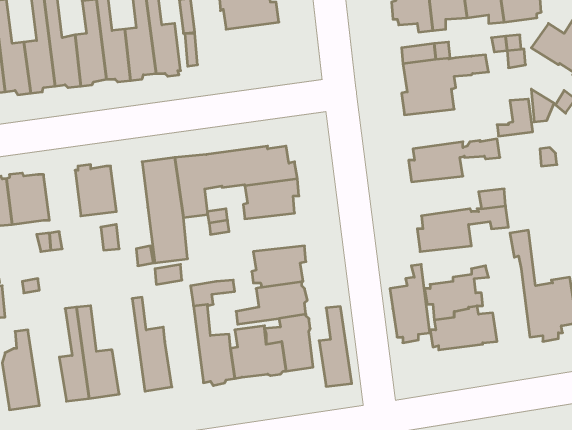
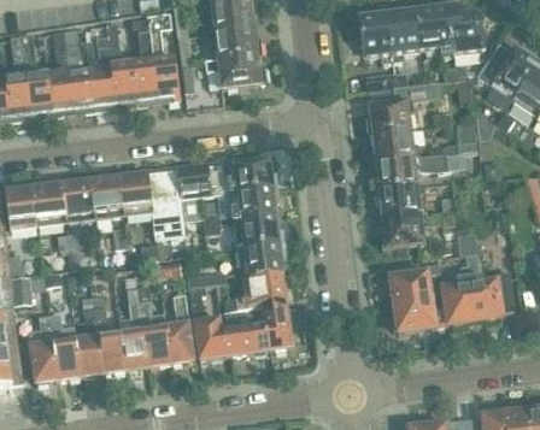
building: none -> [209,53,265,87]
building: none -> [369,126,418,160]
building: none -> [121,170,152,213]
building: none -> [64,176,95,220]
building: none -> [375,183,424,217]
building: none -> [234,214,284,247]
building: [390,264,430,343] -> [441,261,475,328]
building: none -> [118,277,149,367]
building: [319,307,352,386] -> [166,294,194,361]
building: none -> [51,312,83,377]

